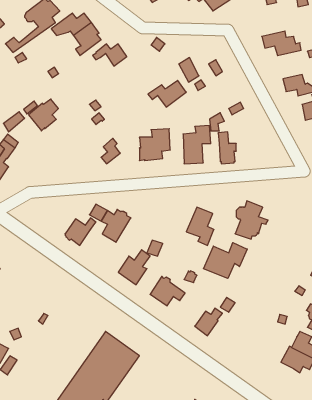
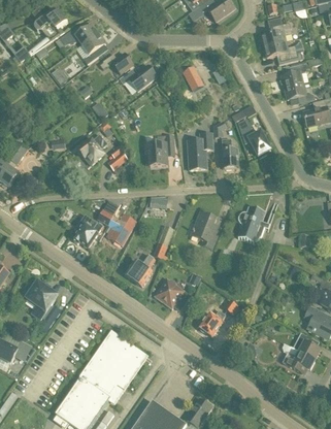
building: none -> [260,22,291,45]
building: none -> [278,61,306,87]
building: [148,80,186,107] -> [119,65,156,91]
building: [29,99,58,131] -> [77,134,106,165]
building: none -> [237,119,269,158]
building: [203,243,247,278] -> none
building: none -> [25,280,57,320]

